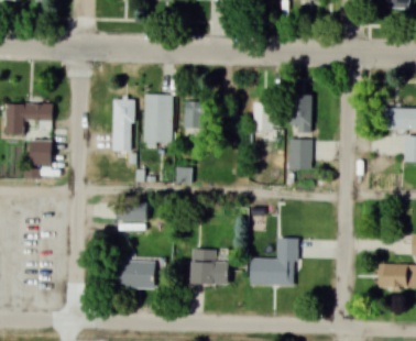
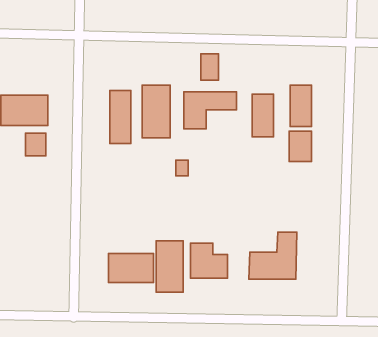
building: none -> [201,54,218,80]
building: [116,201,146,220] -> none
building: none -> [156,241,183,292]

